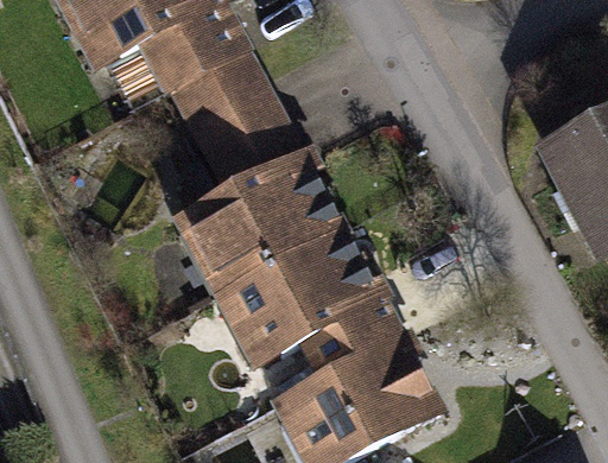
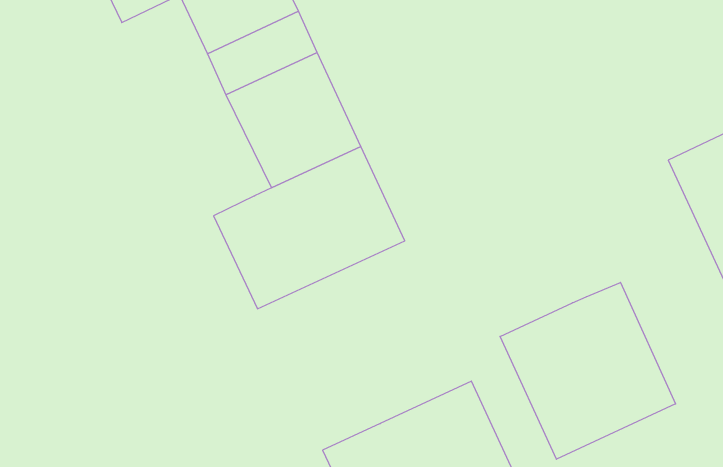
building: [220,230,394,378] -> none
building: none -> [500,282,676,459]

